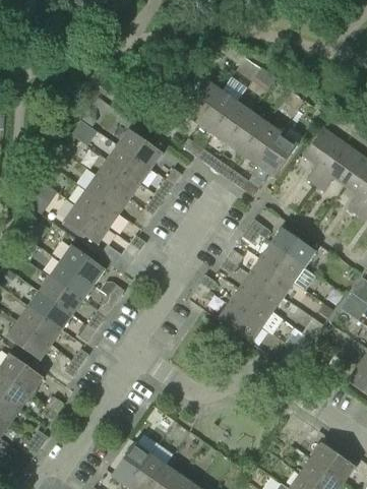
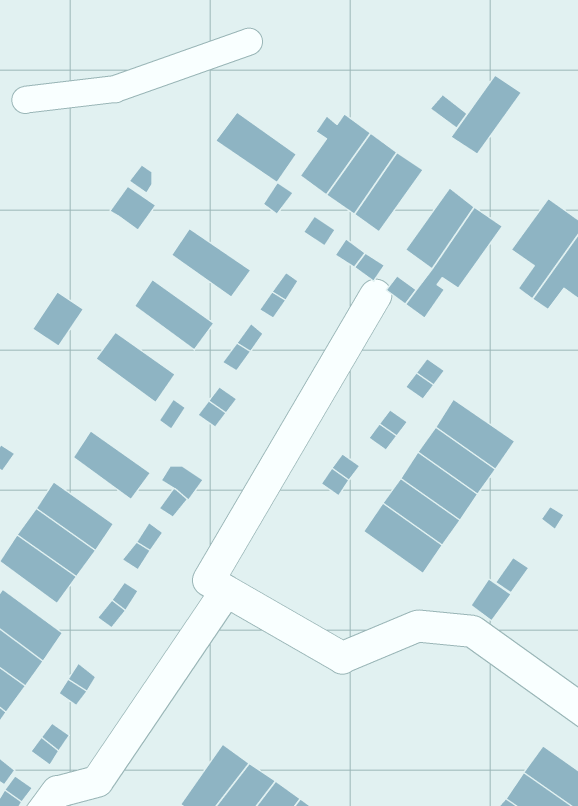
building: [226,111,266,157] -> [451,75,521,154]
building: [116,128,163,169] -> [216,112,297,183]
building: [95,160,140,199] -> none
building: [73,189,119,229] -> none
building: [268,227,315,267] -> none
building: [59,245,105,286] -> none
building: [38,277,82,315] -> none

